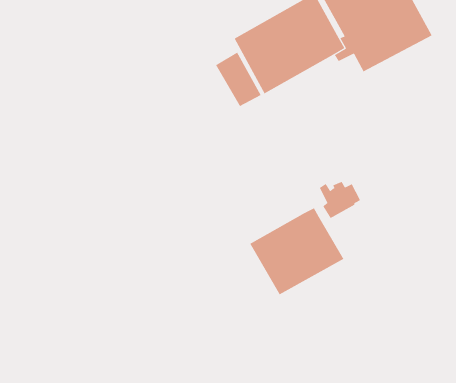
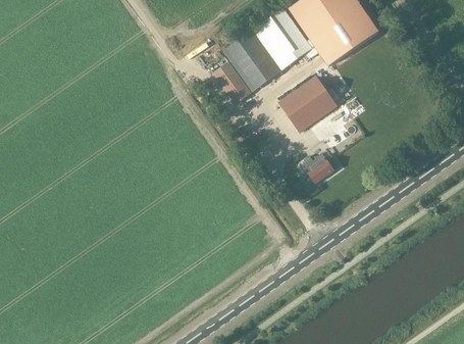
building: none -> [277,76,336,132]
building: [250,207,344,295] -> none

